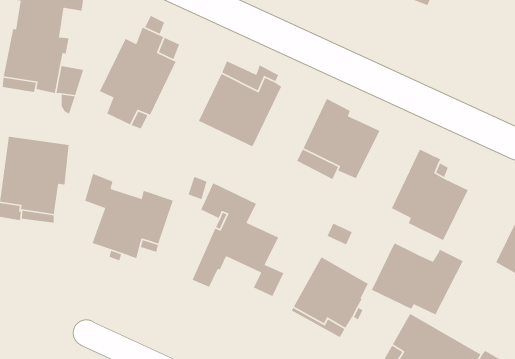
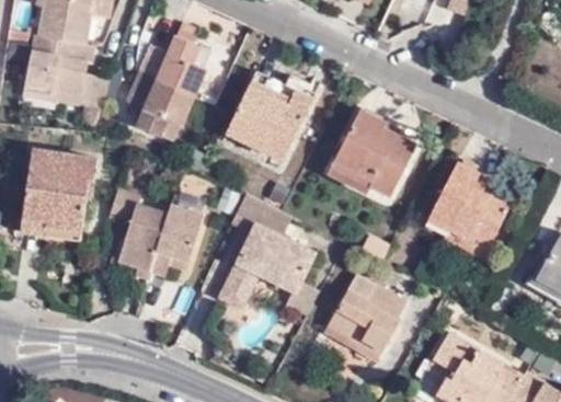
building: [371,242,464,316] -> none

